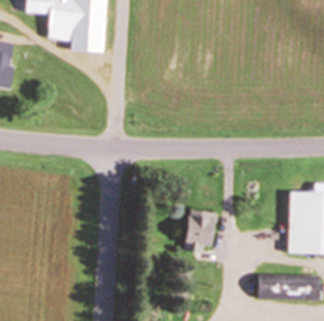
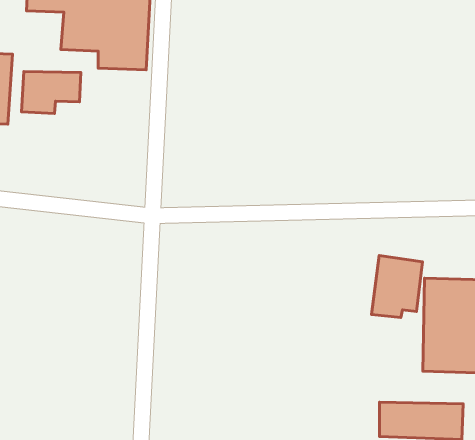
building: none -> [22,71,81,113]
building: [183,209,217,250] -> [371,255,423,318]

